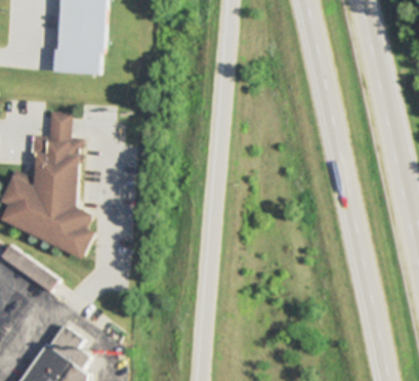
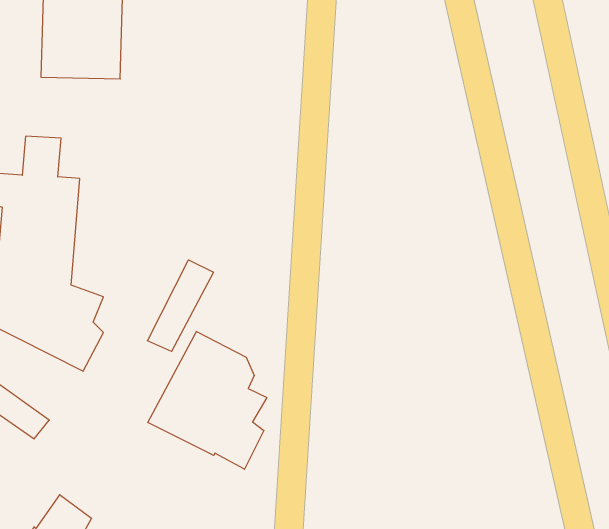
building: none -> [147,260,213,351]
building: none -> [148,331,267,469]

